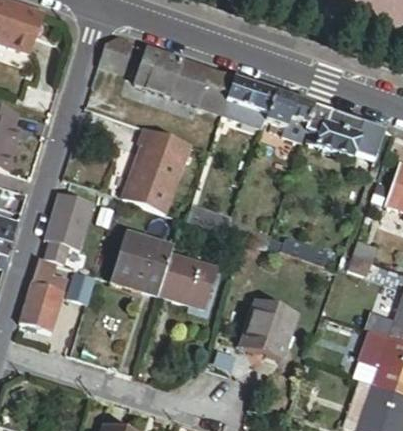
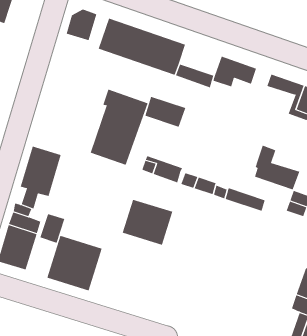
building: [226,78,273,113] -> [144,96,186,127]
building: [304,105,356,156] -> [254,145,300,190]
building: [113,227,176,290] -> [47,235,102,291]
building: [238,300,293,358] -> none

